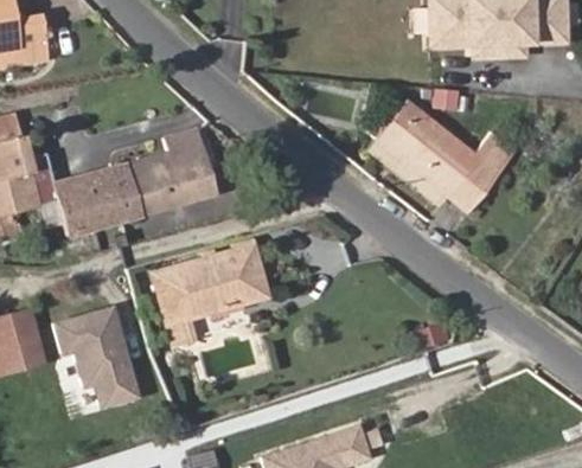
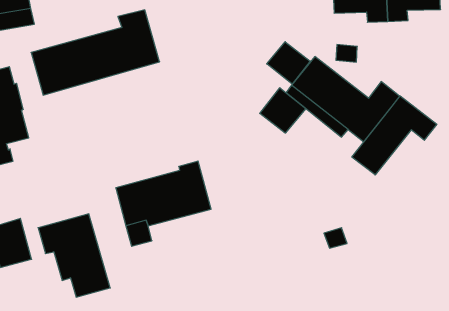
building: none -> [267,42,310,84]
building: [52,128,217,237] -> [31,10,160,95]
building: none -> [260,88,306,133]
building: none -> [352,96,437,175]

